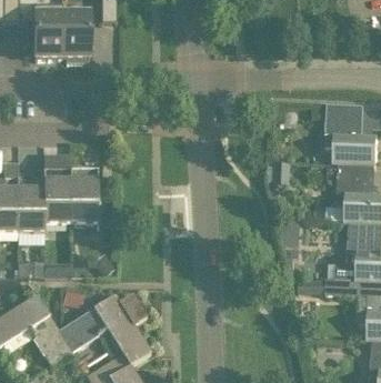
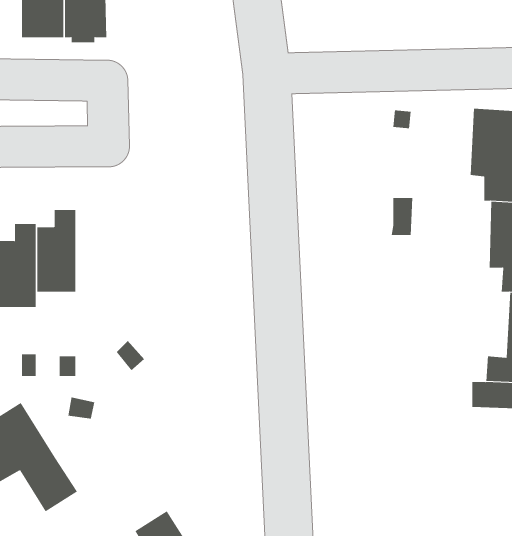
building: [70,169,98,222] -> none
building: [57,291,149,363] -> none

